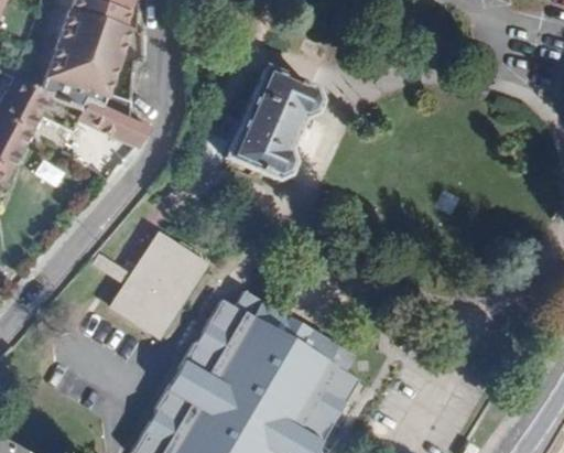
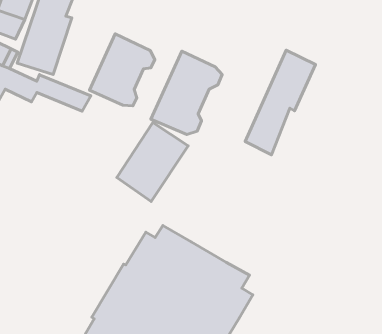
building: none -> [89,34,155,106]
building: none -> [245,50,316,155]
building: [116,235,207,336] -> [117,123,188,202]

